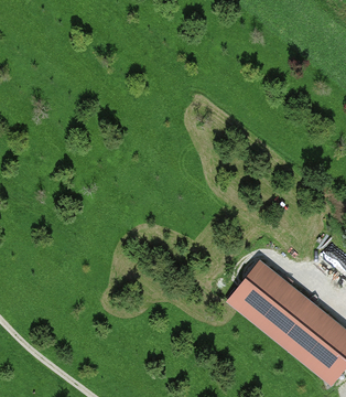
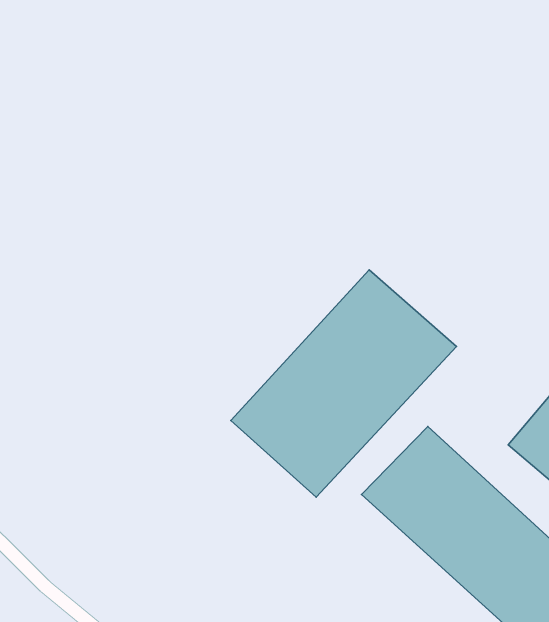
building: none -> [231,270,457,497]

